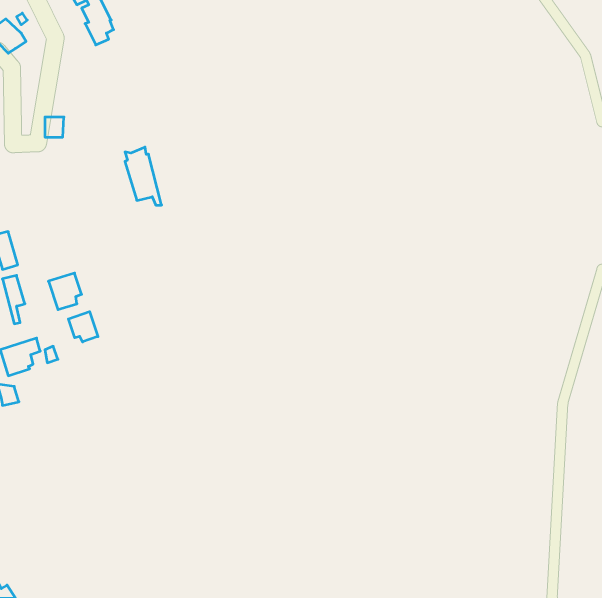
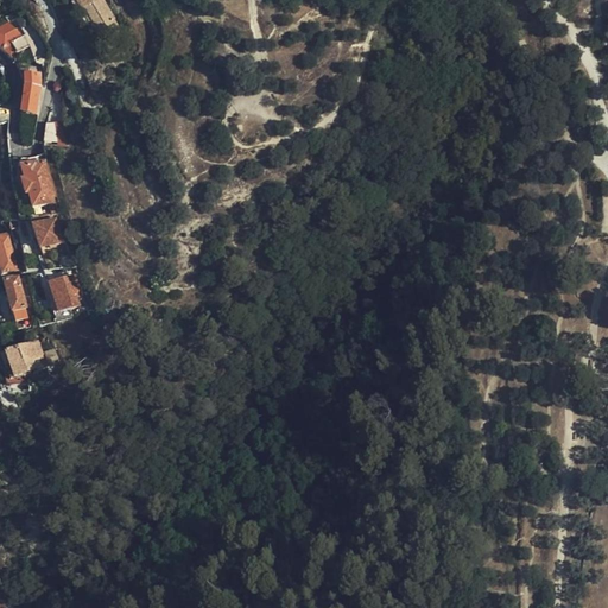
building: none -> [20,72,39,114]
building: [125,147,162,205] -> [20,153,57,211]
building: none -> [31,216,62,246]
building: [68,312,98,342] -> none

